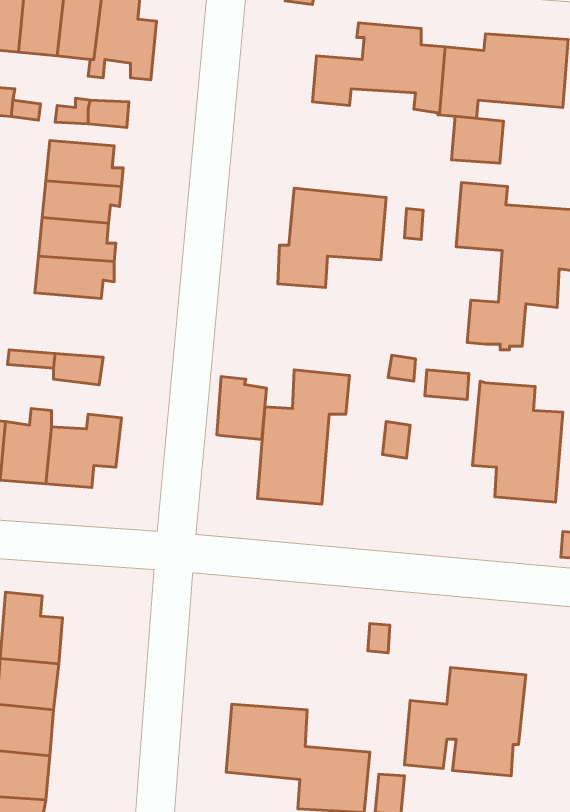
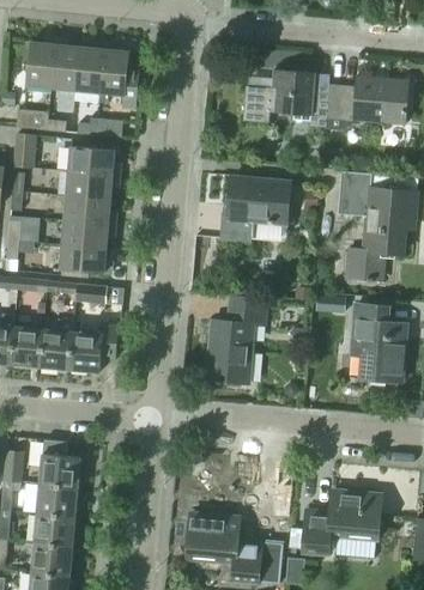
building: [452,116,503,163] -> none
building: none -> [60,245,111,275]
building: [217,376,267,439] -> none

